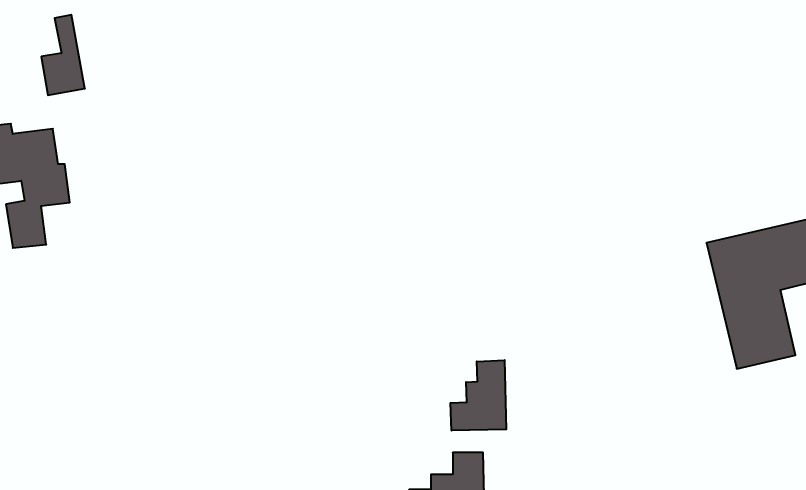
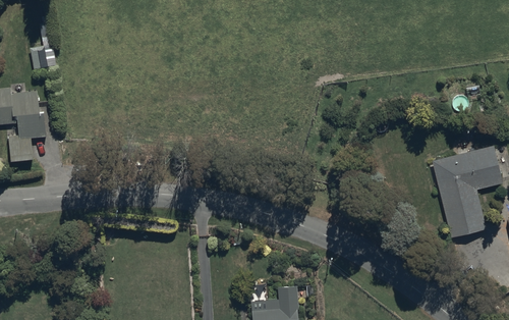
building: [450,360,506,431] -> none

